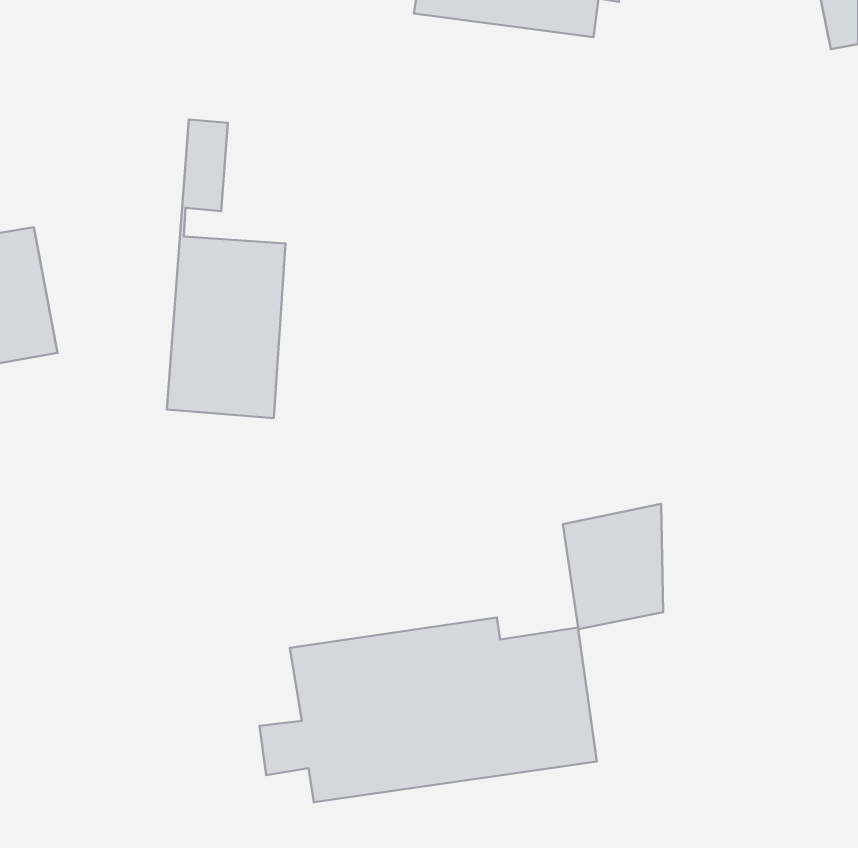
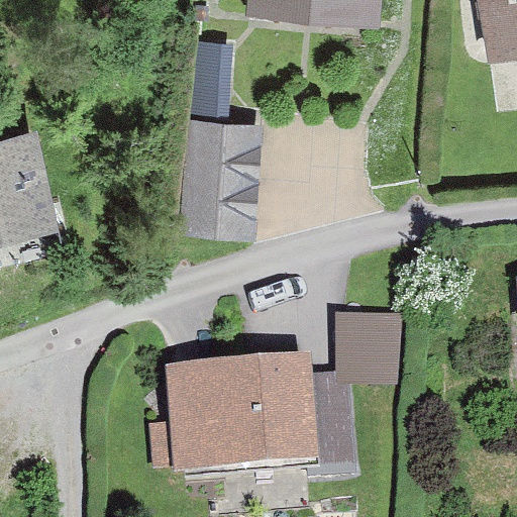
building: [167,120,286,418] -> [184,40,254,218]

